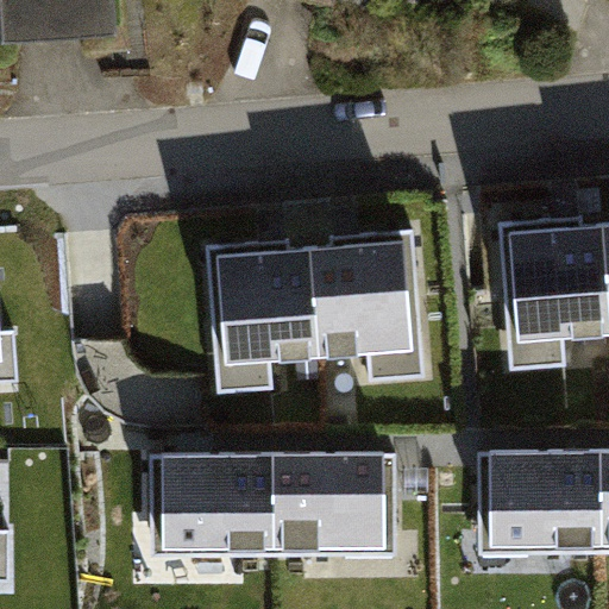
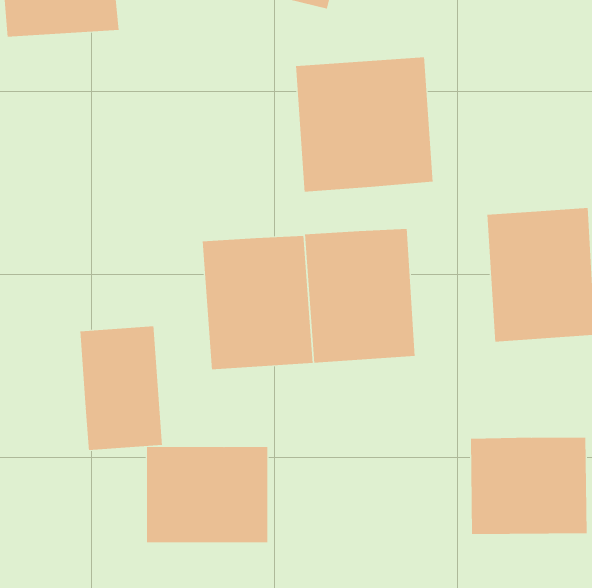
building: none -> [296,56,433,193]
building: none -> [80,326,162,451]
building: [276,458,401,558] -> none

